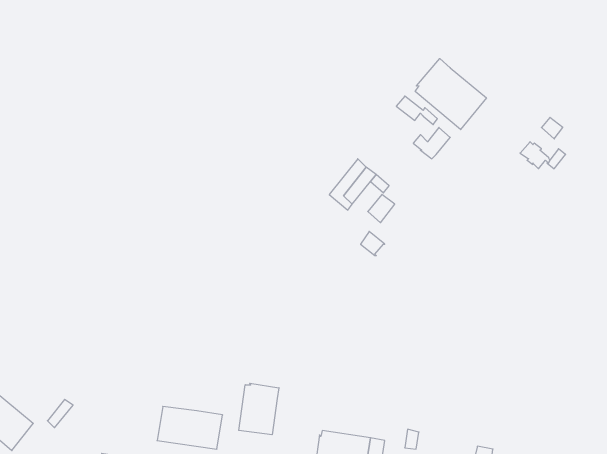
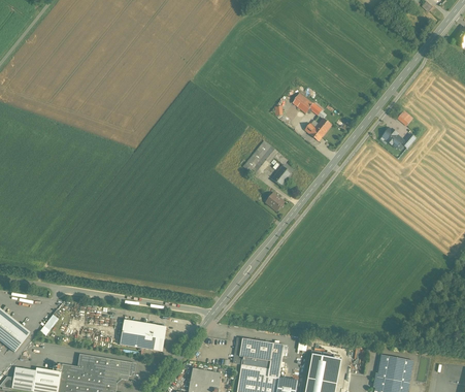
building: [415,59,486,130] -> none
building: [239,383,279,435] -> none

